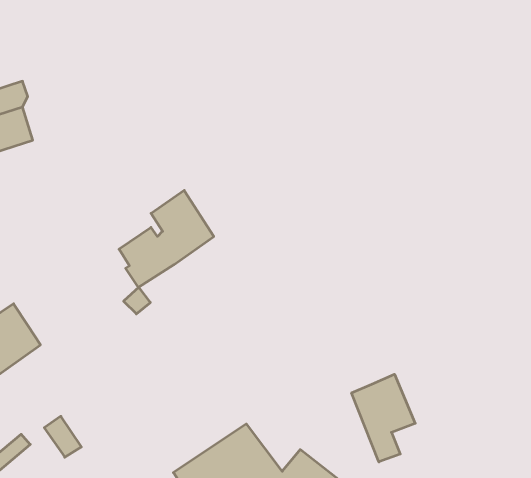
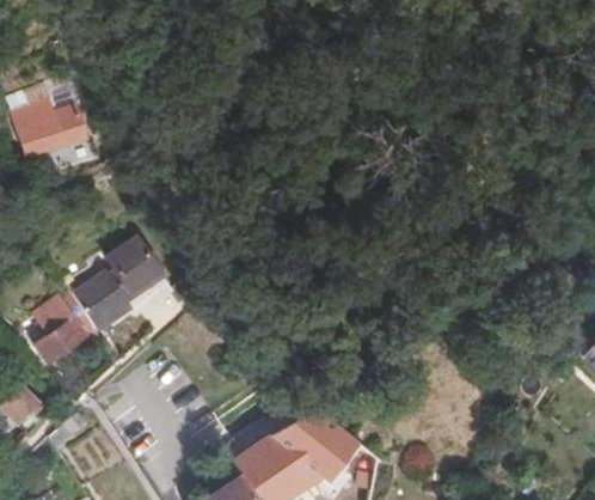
building: [119,190,214,288] -> [79,238,167,329]
building: [352,374,415,462] -> none

